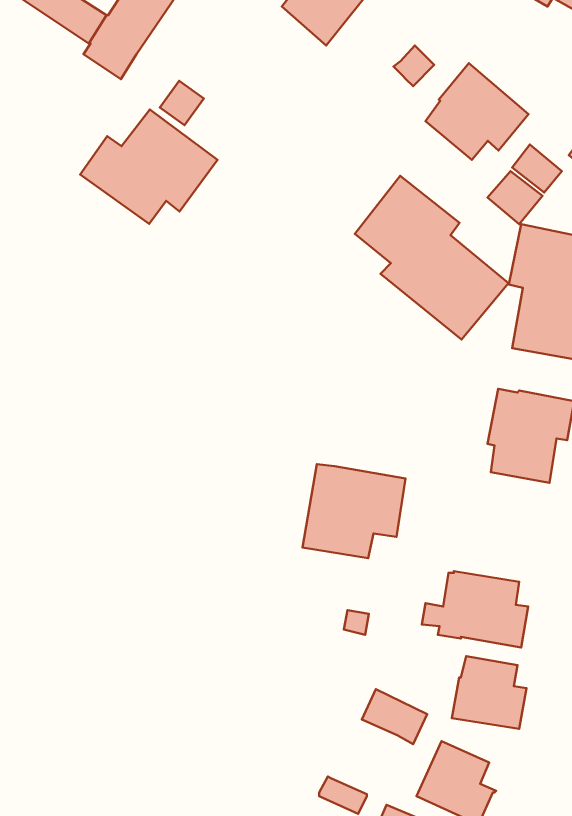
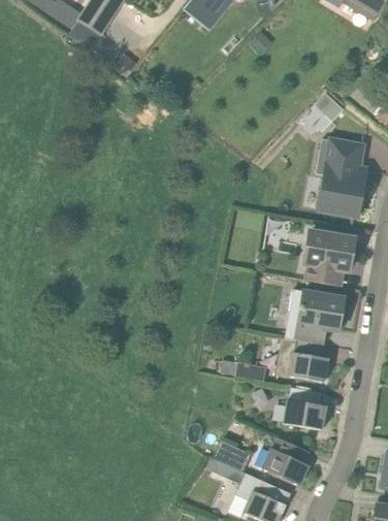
building: [426,63,529,160] -> none
building: [80,109,218,224] -> none
building: [355,176,508,339] -> none
building: [303,464,405,558] -> [285,289,345,344]
building: [362,689,427,744] -> [214,441,252,473]

